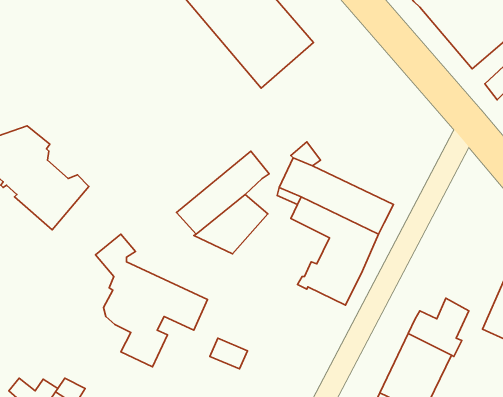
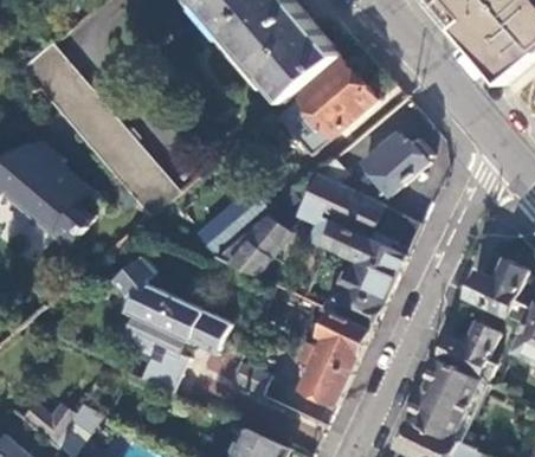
building: none -> [21,45,178,218]
building: none -> [275,62,374,157]
building: none -> [360,133,431,195]
building: none -> [466,259,528,317]
building: none -> [302,310,370,404]

